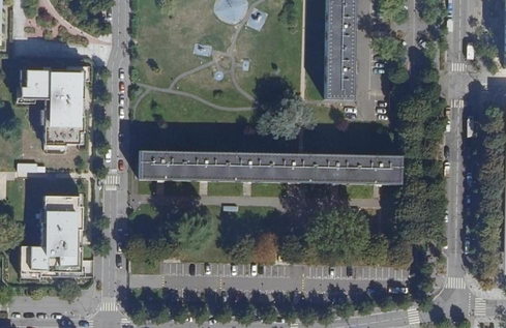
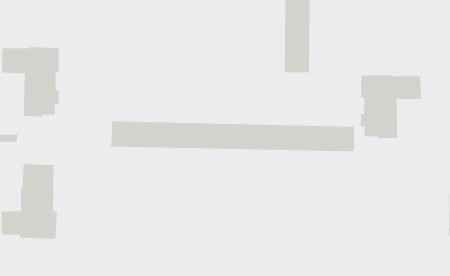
building: none -> [360,75,422,139]

